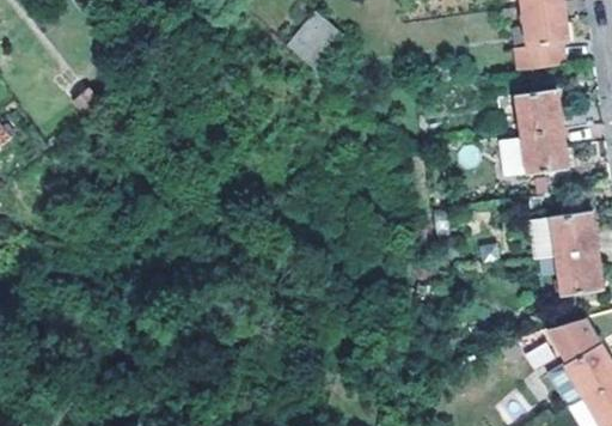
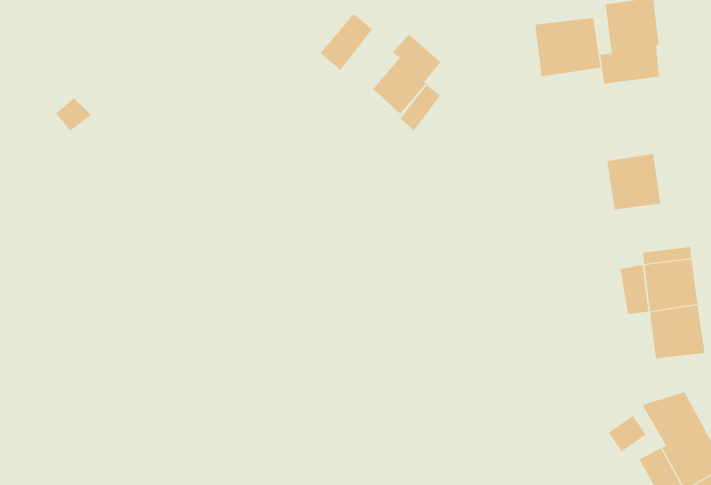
building: none -> [535,17,601,77]
building: none -> [372,34,441,114]
building: [518,89,561,134] -> none

